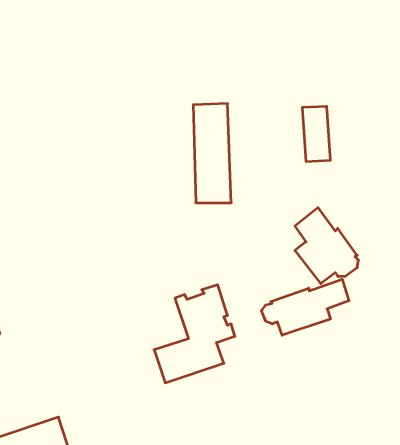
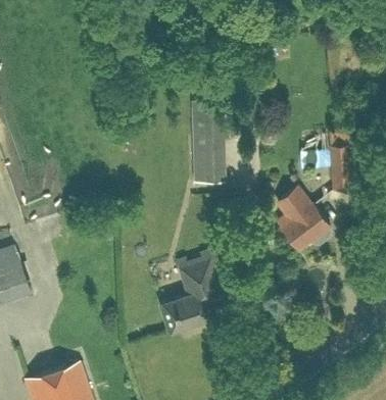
building: [302,106,330,161] -> [329,144,352,190]
building: [261,279,349,335] -> none

